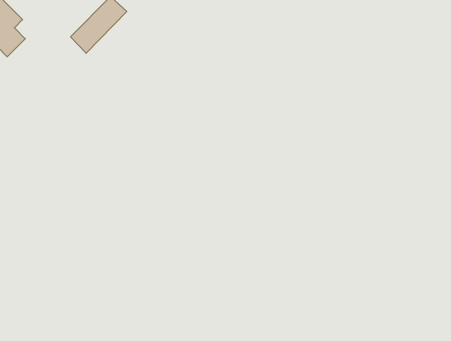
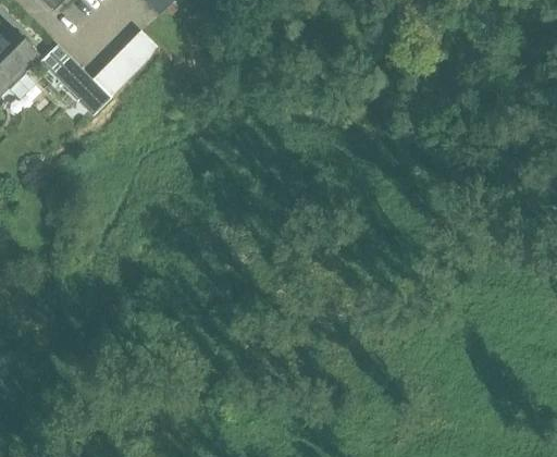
building: none -> [39,44,109,113]

